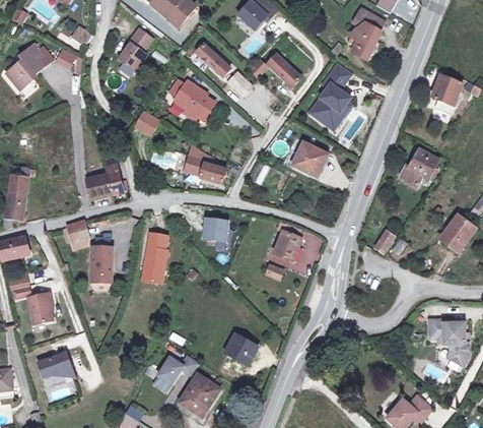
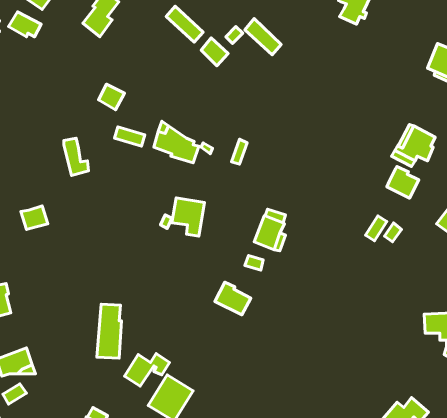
building: [307,62,352,128] -> none
building: [168,80,213,121] -> none
building: [293,143,327,176] -> none
building: [83,174,111,202] -> none
building: none -> [387,167,419,198]
building: [145,235,167,284] -> [97,304,121,358]
building: [89,247,112,284] -> none
building: [224,333,257,363] -> [215,282,251,315]

